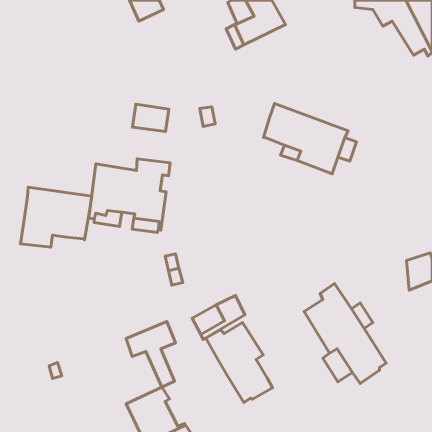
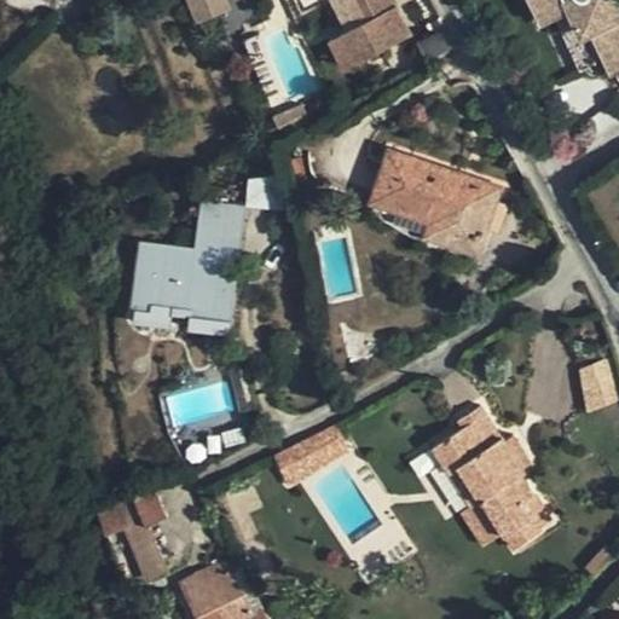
building: [133,104,169,131] -> [196,196,248,235]
building: [21,187,92,247] -> none
building: [126,322,175,387] -> [98,484,168,577]
building: [206,322,273,402] -> none

